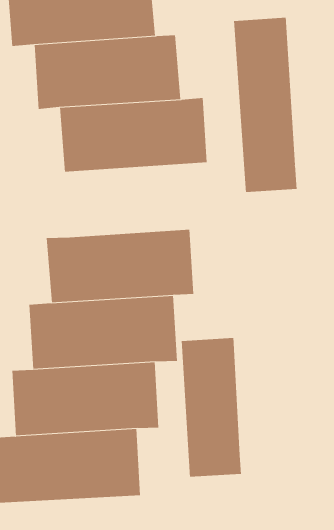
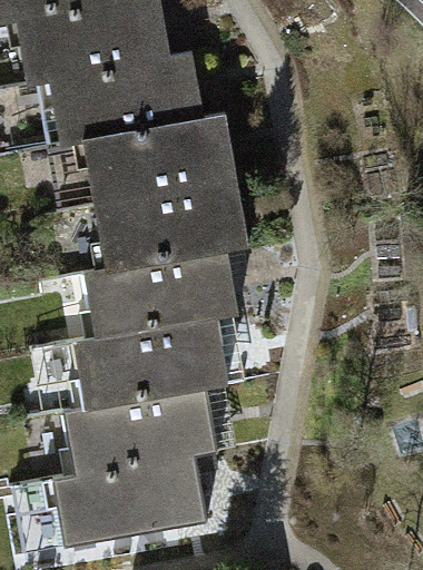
building: [233,17,297,193] -> none
building: none -> [92,177,247,267]
building: [181,337,241,477] -> none

